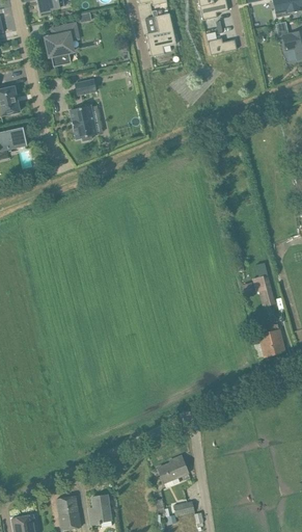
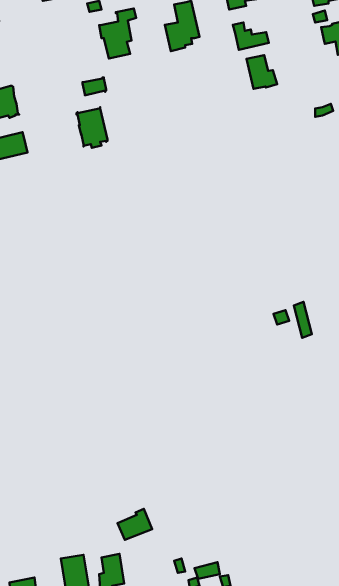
building: [45,23,77,66] -> [99,8,136,59]
building: none -> [246,55,277,89]
building: [258,324,284,356] -> none
building: [158,455,188,482] -> [118,509,152,540]

